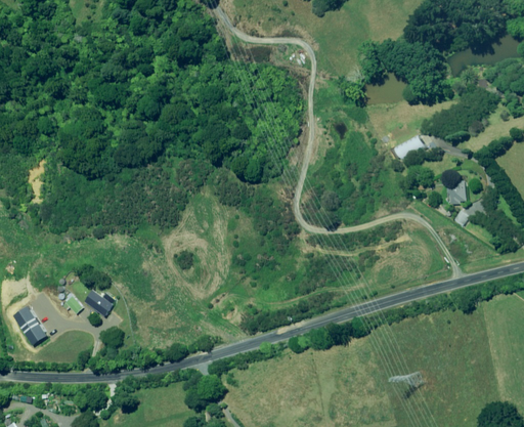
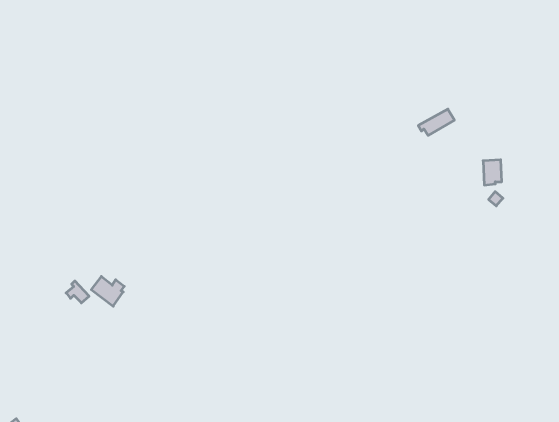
building: [12,305,46,344] -> none

